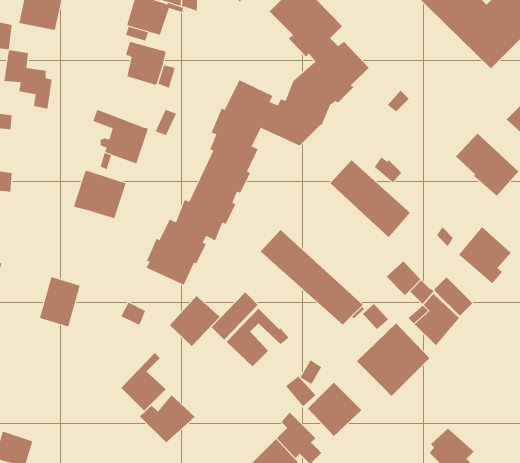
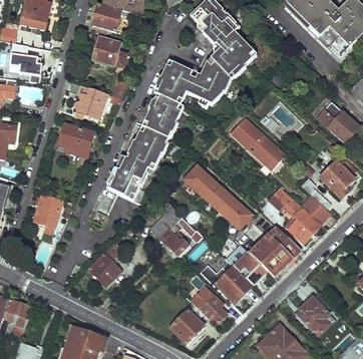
building: [169,295,221,347] -> none
building: none -> [226,245,268,286]
building: [139,395,195,443] -> none

